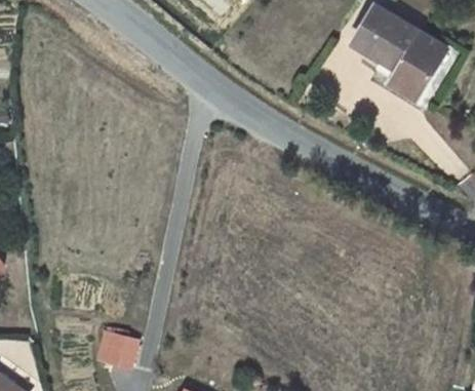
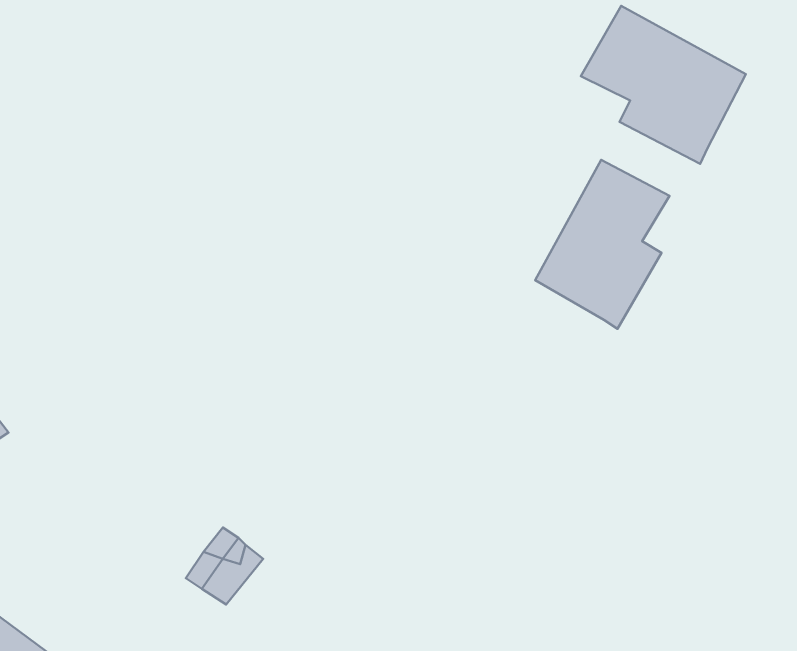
building: none -> [535,160,670,329]

